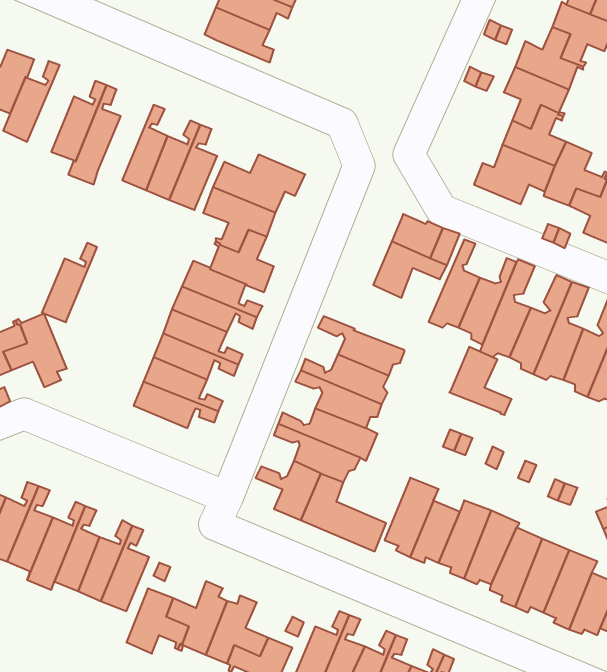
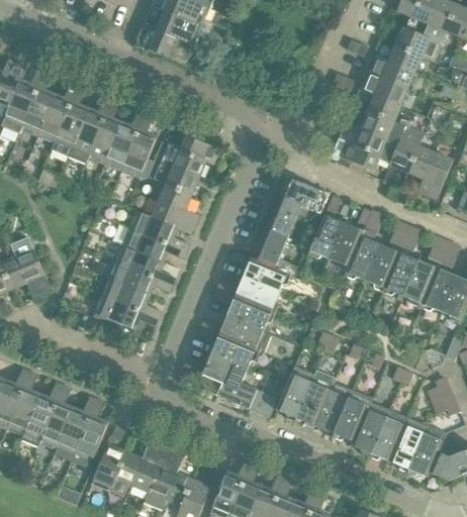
building: none -> [21,72,55,133]
building: [42,243,97,322] -> [72,97,111,153]
building: [449,347,512,415] -> [254,228,298,277]

